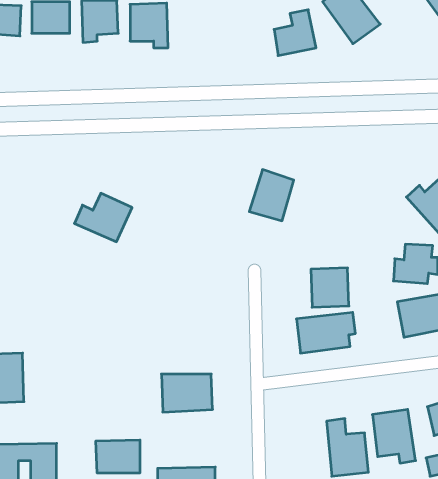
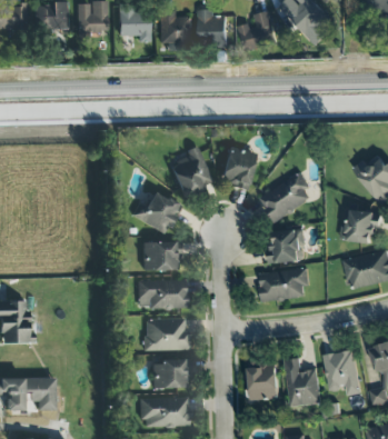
building: none -> [198,9,227,43]
building: none -> [159,10,191,43]
building: none -> [168,149,213,196]
building: [74,193,132,242] -> [131,192,180,233]
building: none -> [259,172,316,221]
building: none -> [141,241,180,271]
building: none -> [137,280,187,310]
building: none -> [249,361,278,399]
building: [96,440,140,473] -> [151,360,189,388]

